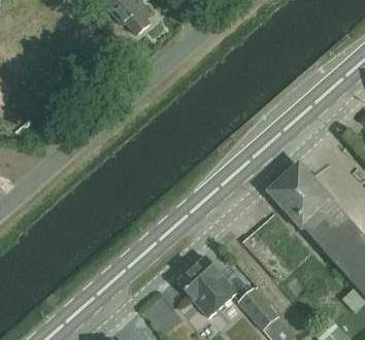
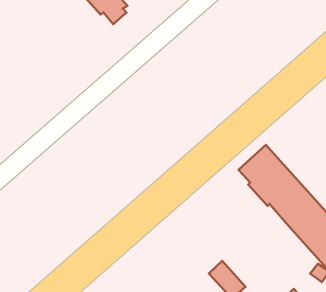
building: [176,257,236,316] -> none

